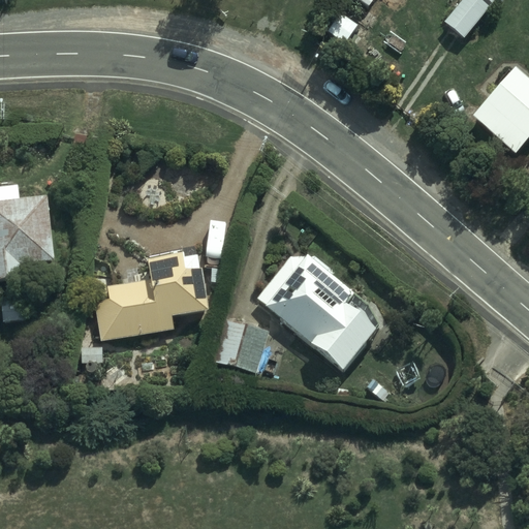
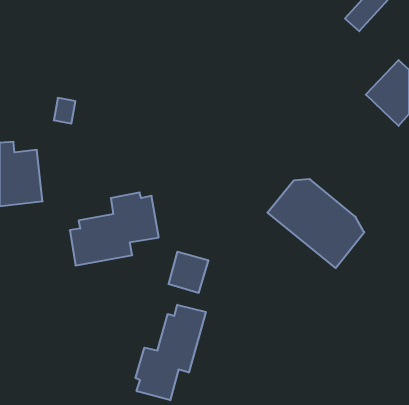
building: [255,254,380,369] -> [267,179,364,268]
building: none -> [136,305,206,400]

